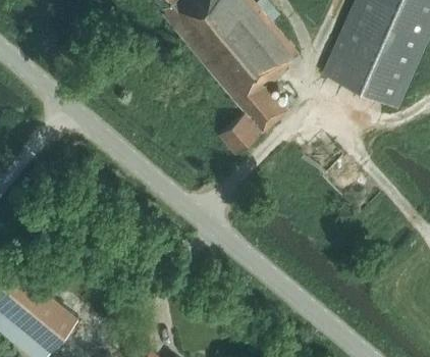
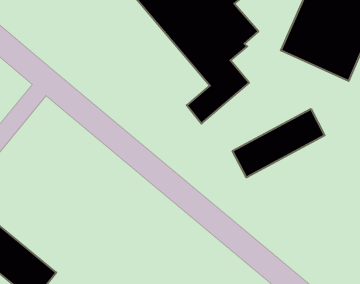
building: none -> [233,109,325,177]

